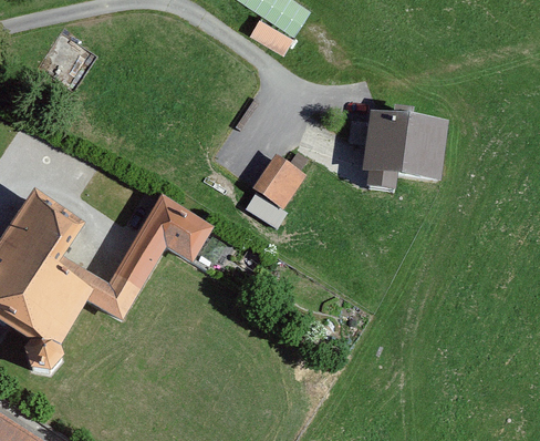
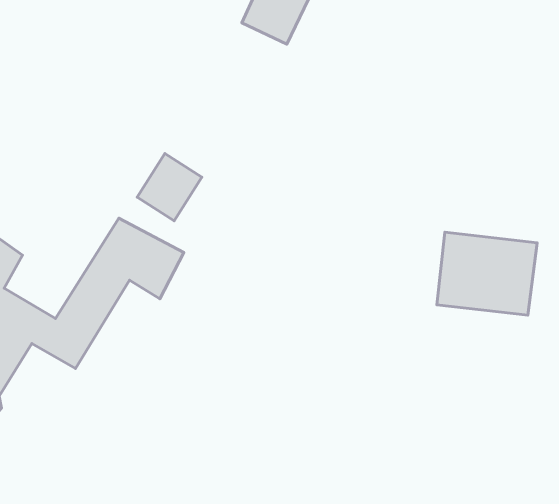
building: [362,111,446,181] -> [437,232,537,315]
building: [253,153,308,209] -> [137,154,202,221]

